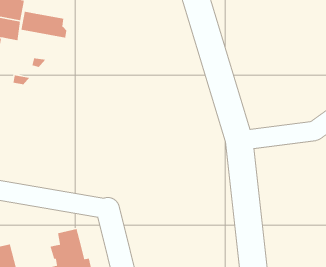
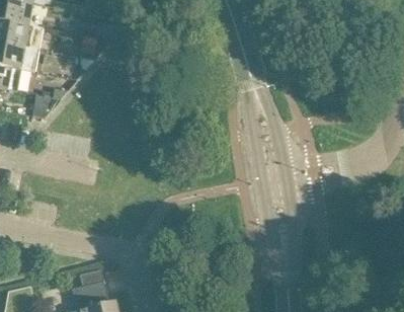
building: [21,11,67,39] -> none

